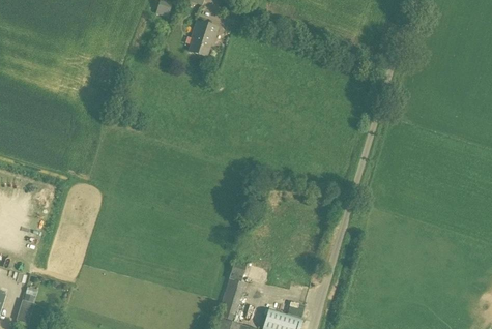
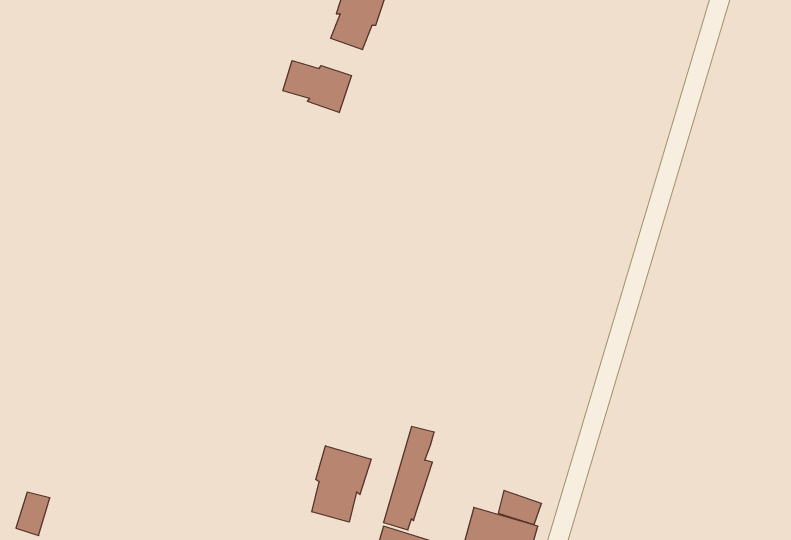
building: none -> [283,61,351,113]
building: none -> [312,446,371,522]

